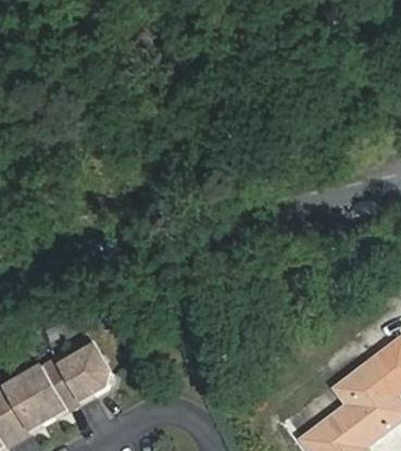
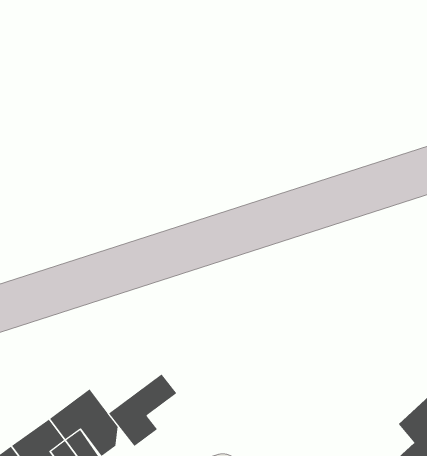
building: none -> [108,373,177,447]

